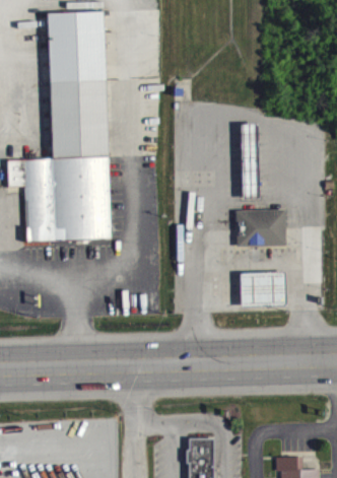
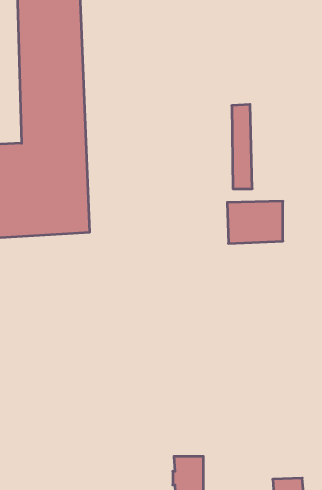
building: [239,272,284,306] -> none

